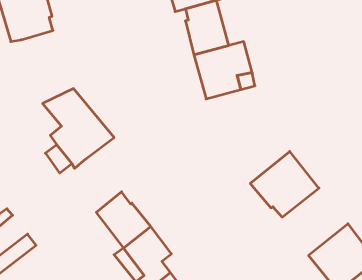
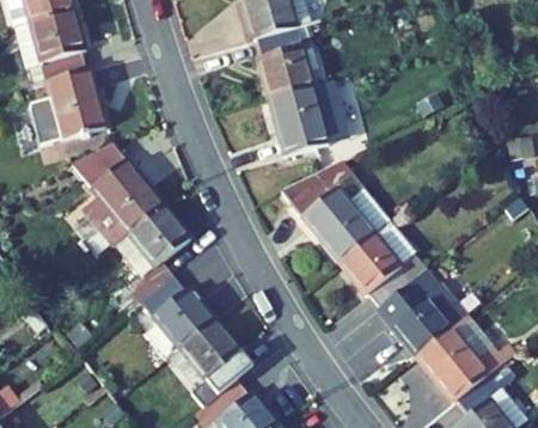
building: none -> [32,69,109,146]
building: none -> [282,161,393,264]
building: none -> [120,206,194,312]
building: none -> [381,270,465,356]

